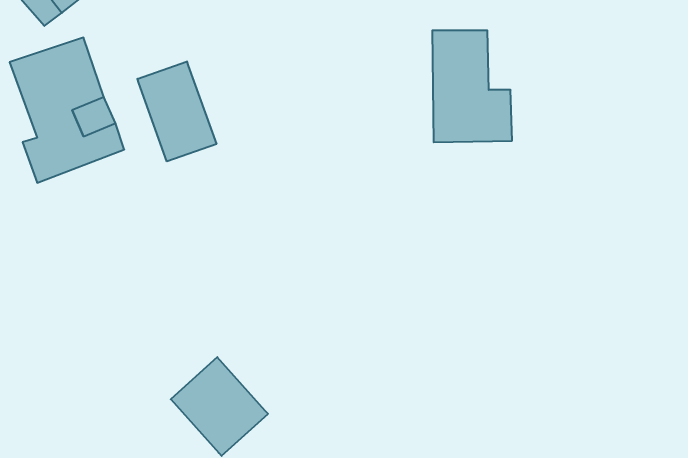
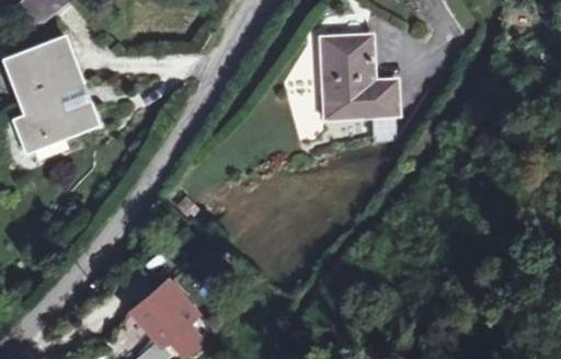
building: [137,61,216,161] -> none

